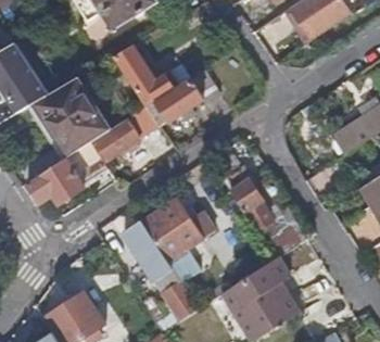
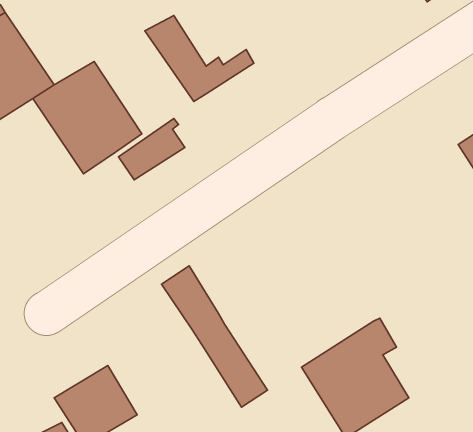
building: [147,68,219,123] -> none
building: [27,140,104,202] -> none
building: [223,166,300,256] -> none
building: [143,199,215,262] -> none

